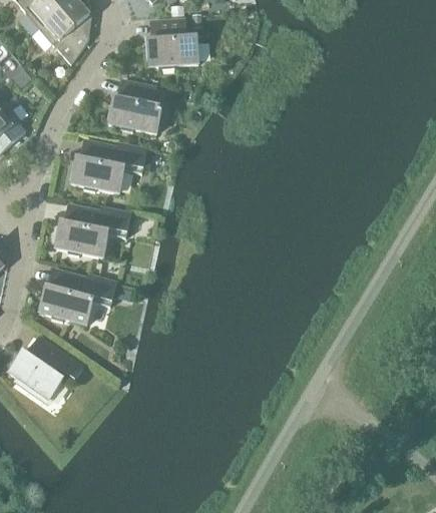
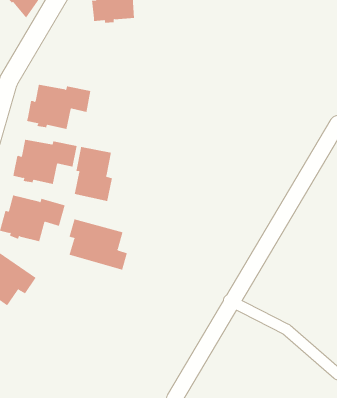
building: [107,80,162,133] -> none
building: none -> [74,146,113,202]
building: none -> [69,218,128,271]

